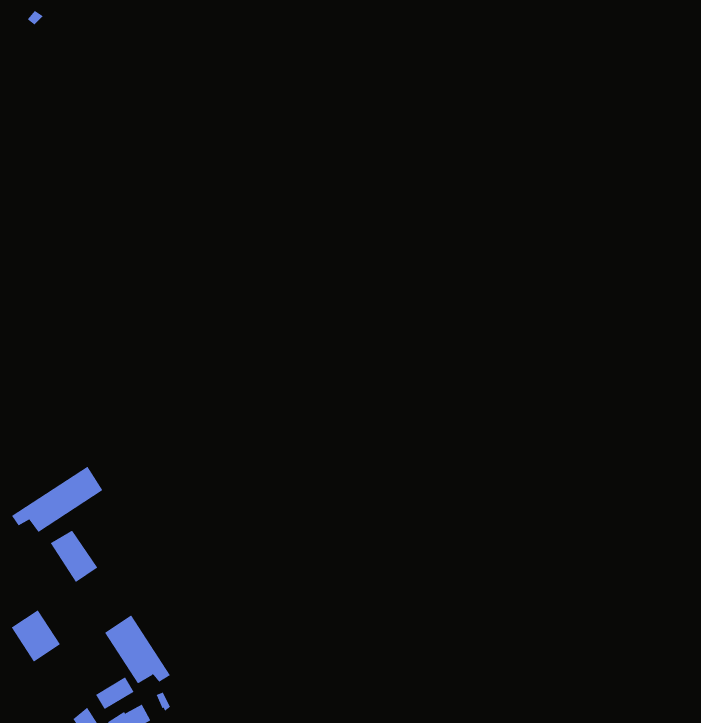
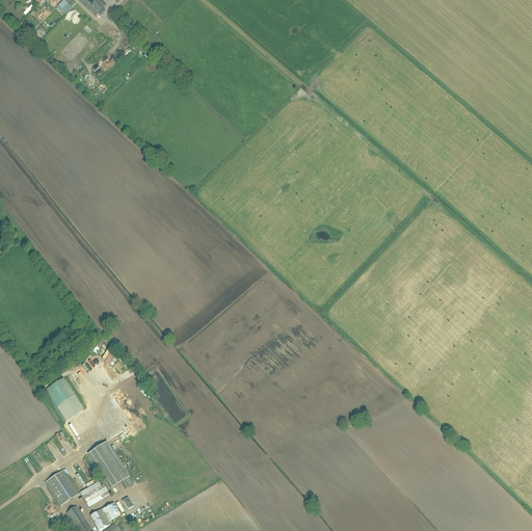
building: [11,466,103,533] -> none
building: [11,609,61,662] -> [44,468,78,504]

